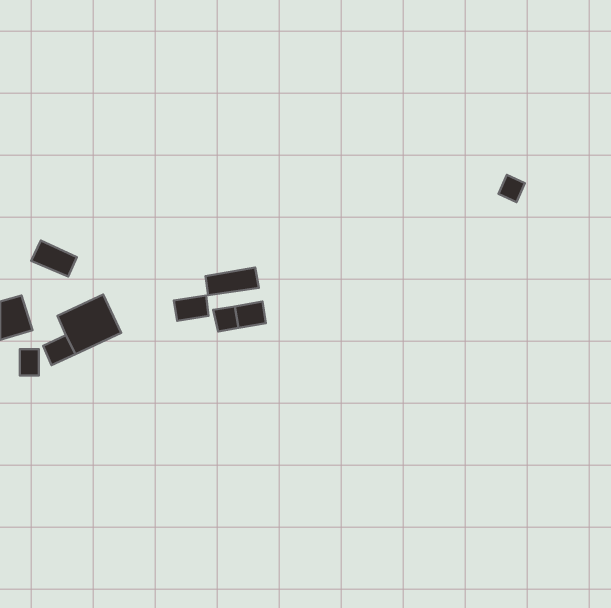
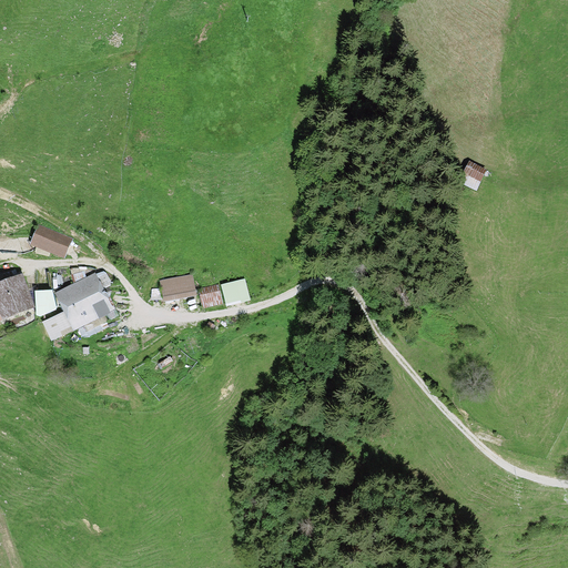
building: [206,268,259,295] -> none
building: [20,349,39,375] -> [34,288,52,313]

